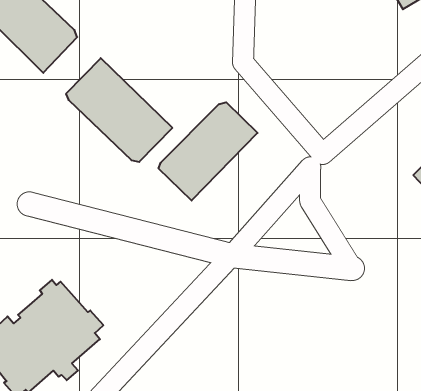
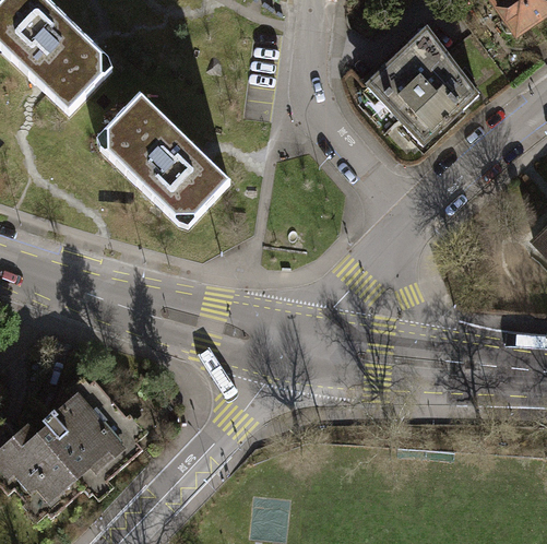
building: none -> [365,27,481,145]
building: [159,102,258,201] -> none

